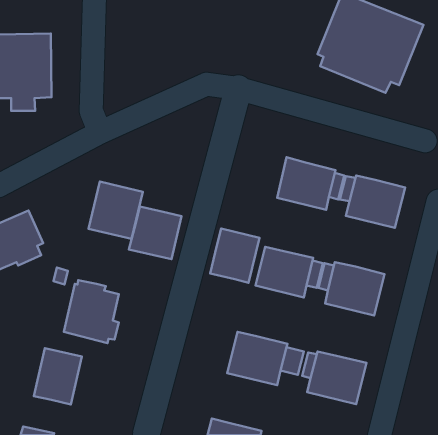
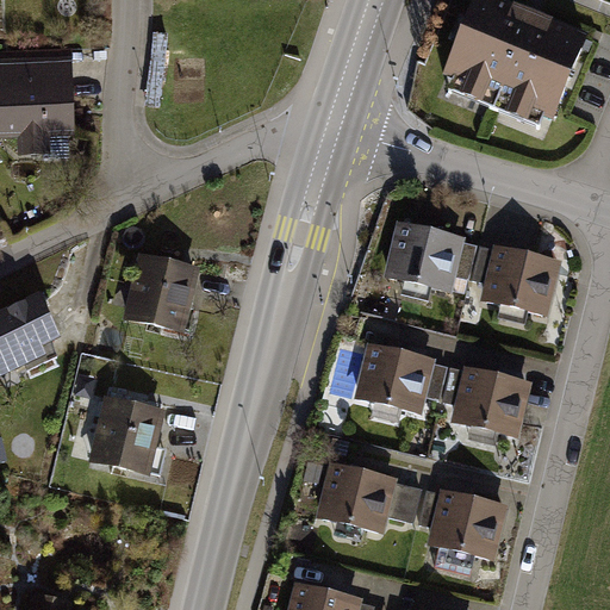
building: [129,207,182,259] -> none
building: [210,229,260,283] -> none
building: [34,348,82,405] -> none

